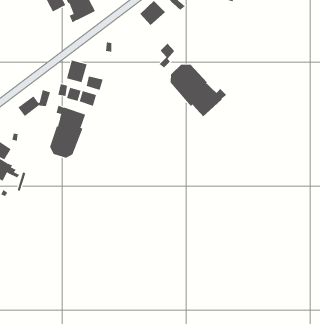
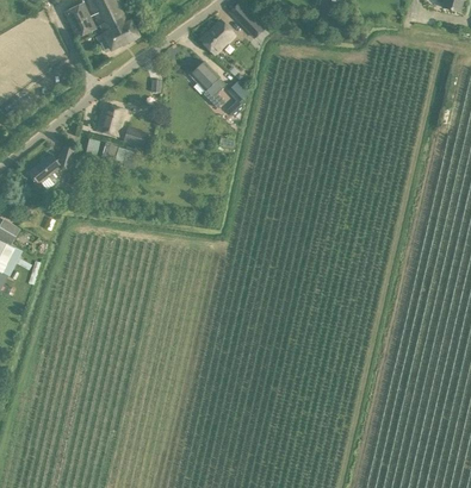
building: none -> [190,60,225,106]
building: [170,64,227,117] -> none
building: [49,105,86,158] -> none

